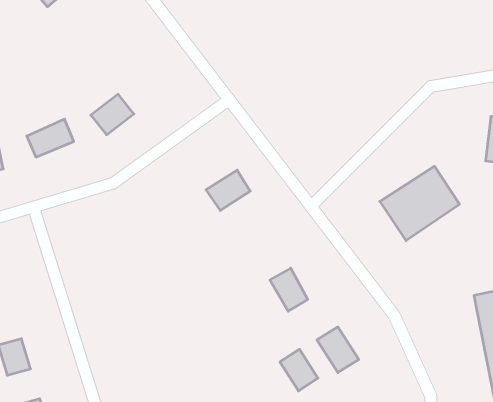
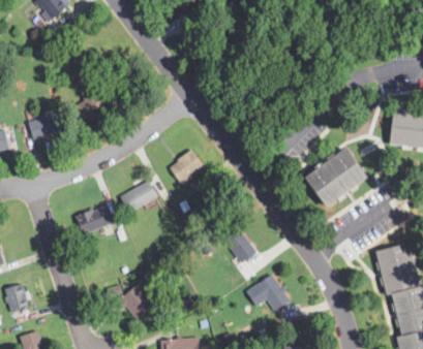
building: none -> [120,181,157,212]
building: none -> [75,207,112,233]
building: none -> [117,282,157,321]
building: [280,349,318,391] -> none

